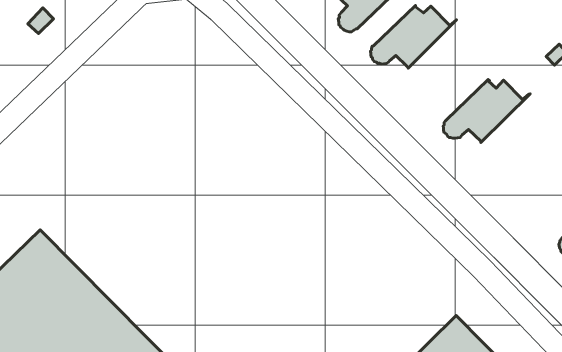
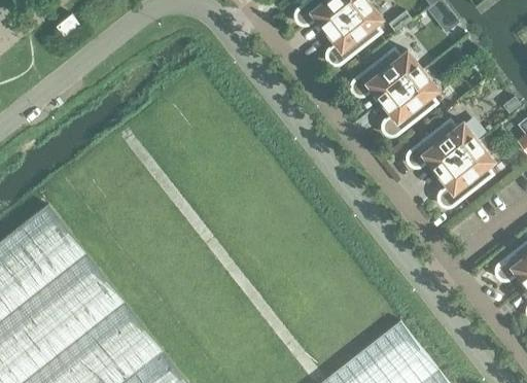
building: none -> [382,65,437,136]
building: none -> [437,136,494,207]

